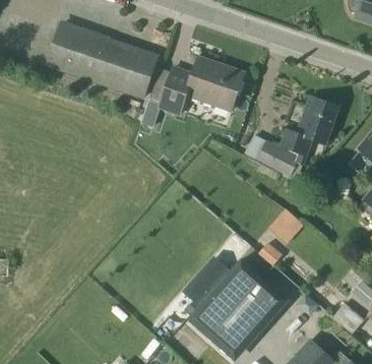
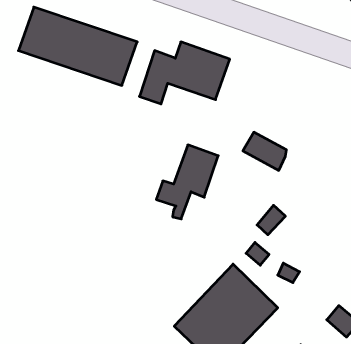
building: [281,96,338,165] -> [156,145,218,219]

